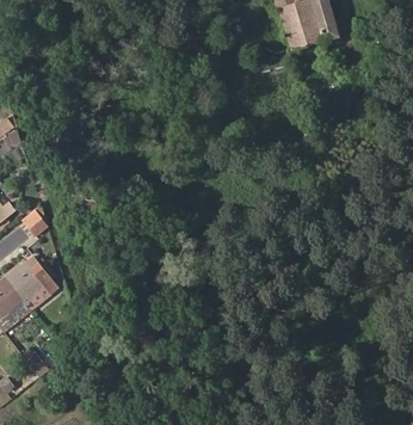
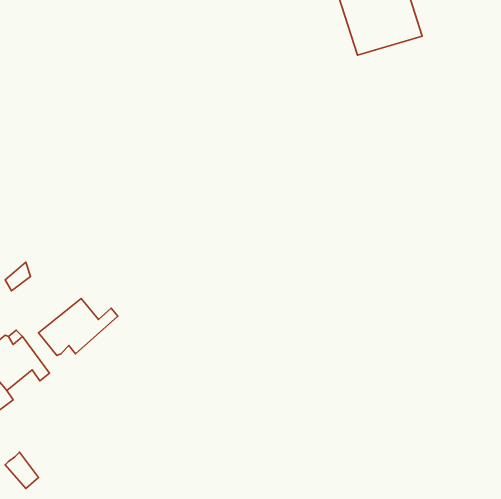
building: none -> [38,299,118,355]

